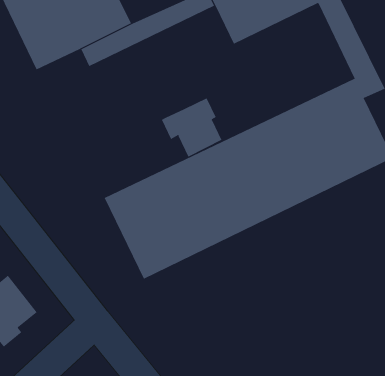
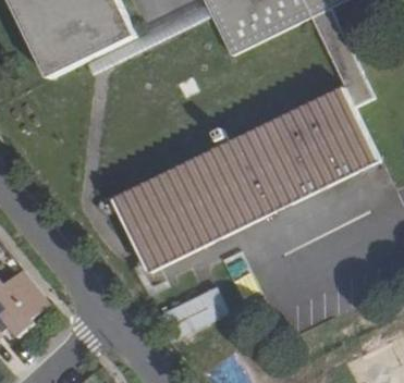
building: [161,97,222,157] -> none
building: none -> [155,286,227,341]

